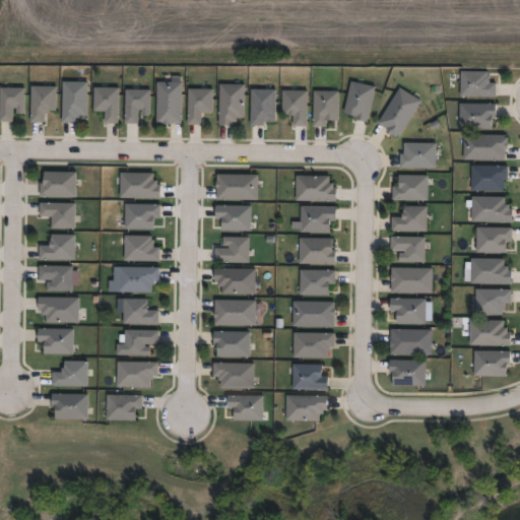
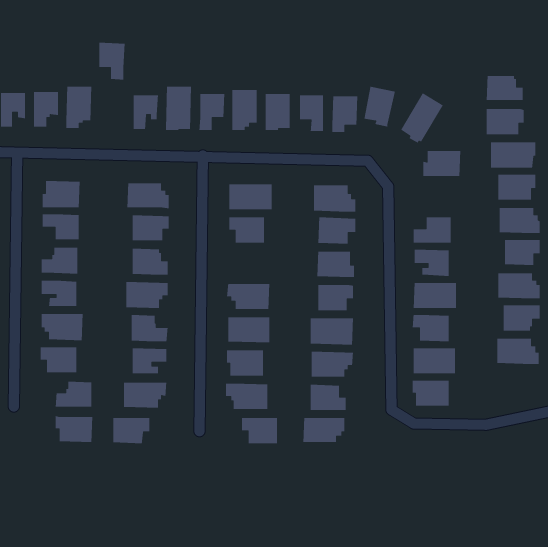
building: [93,86,119,123] -> [99,42,125,81]
building: [393,175,429,200] -> none
building: [215,237,250,262] -> none
building: [474,350,511,376] -> none

